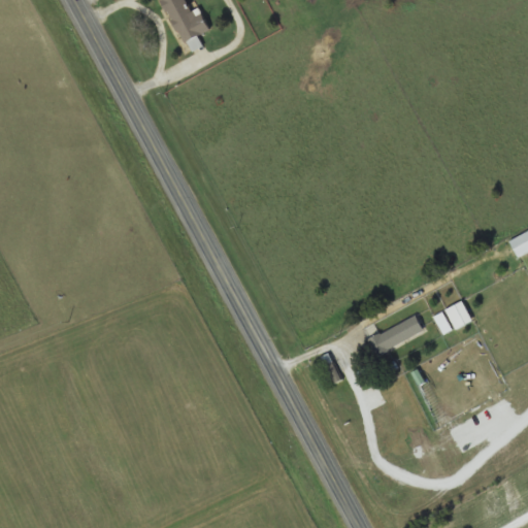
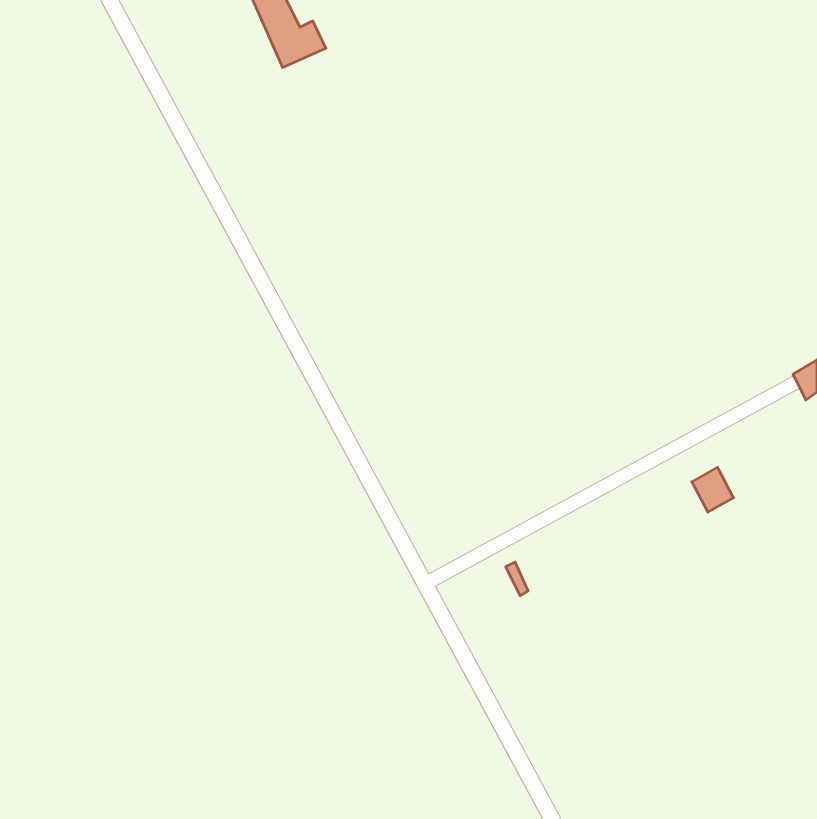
building: [368,314,423,357] -> none

